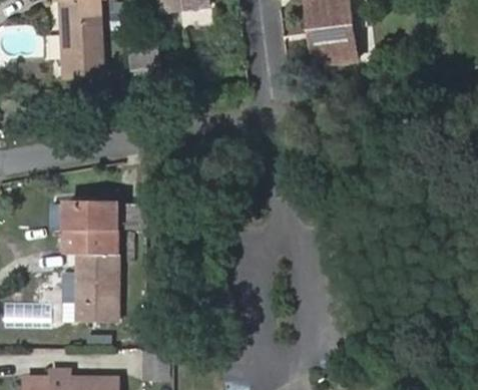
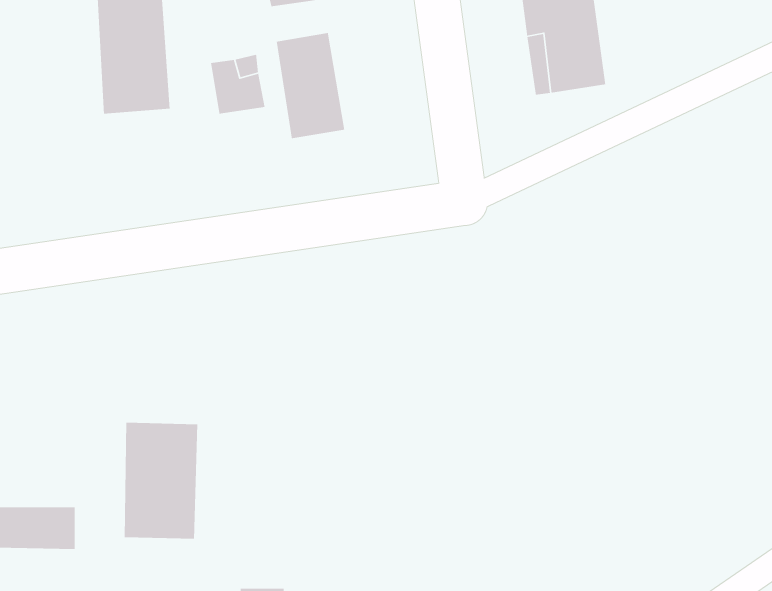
building: none -> [276,32,345,139]
building: [69,207,122,255] -> none

